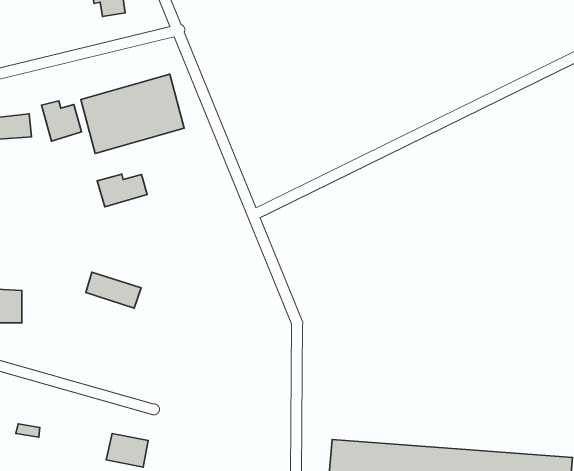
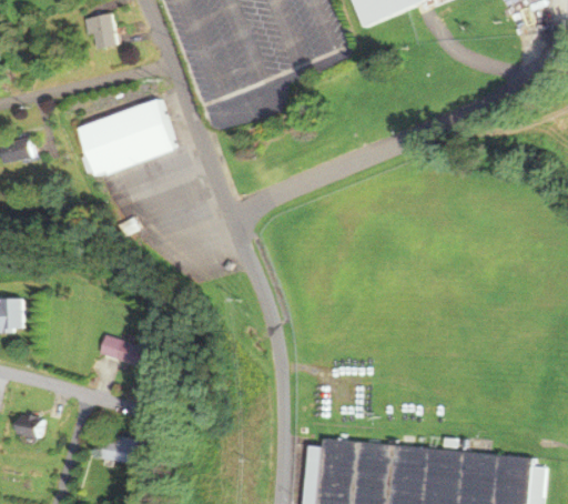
building: [41,101,82,141] -> none
building: [97,174,147,207] -> none
building: [86,272,141,308] -> [100,333,151,366]

